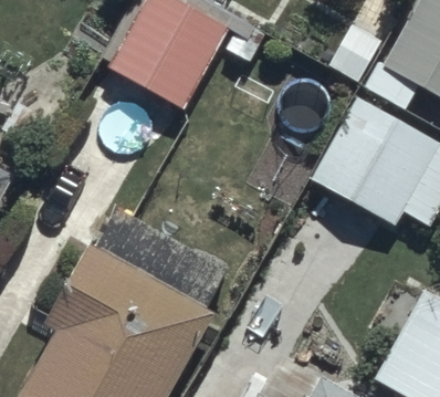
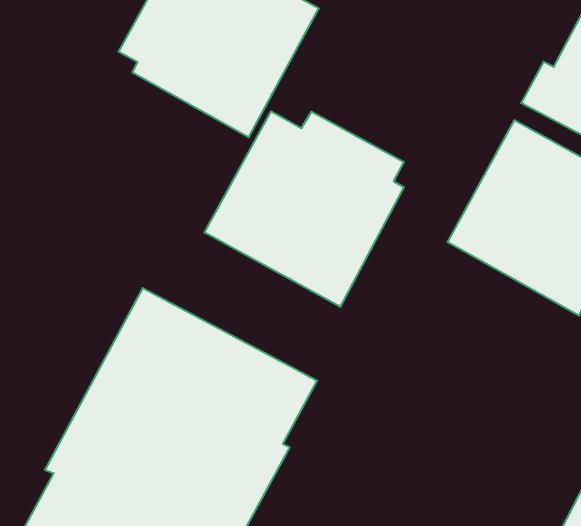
building: none -> [204,111,404,307]

